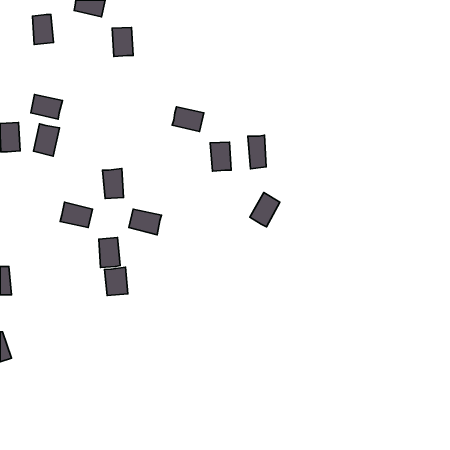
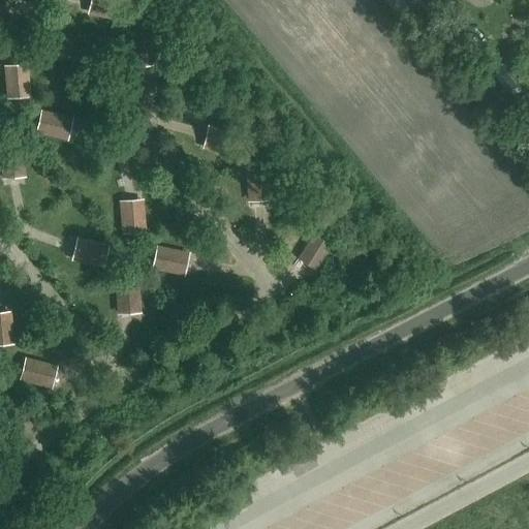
building: [32,14,54,44] -> [5,64,30,99]
building: [34,124,60,156] -> none
building: [248,135,266,169] -> none
building: [104,267,128,295] -> none
building: none -> [21,359,58,388]

